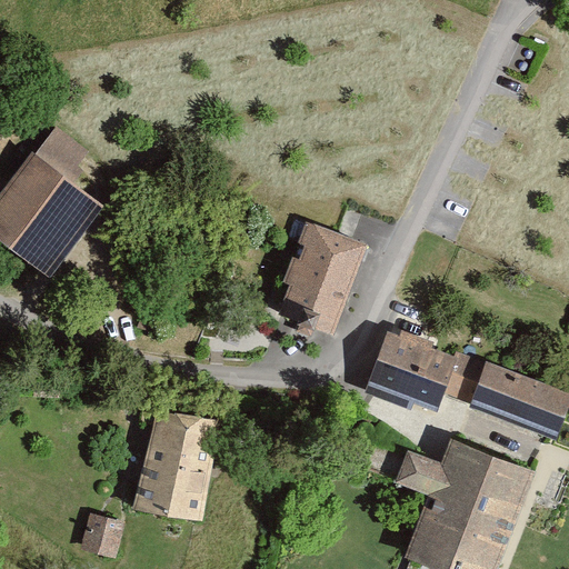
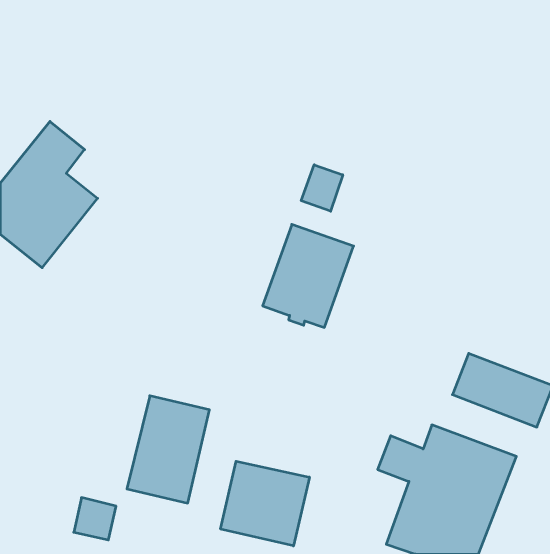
building: none -> [301,165,343,211]
building: [366,332,459,417] -> none
building: none -> [221,461,309,546]

